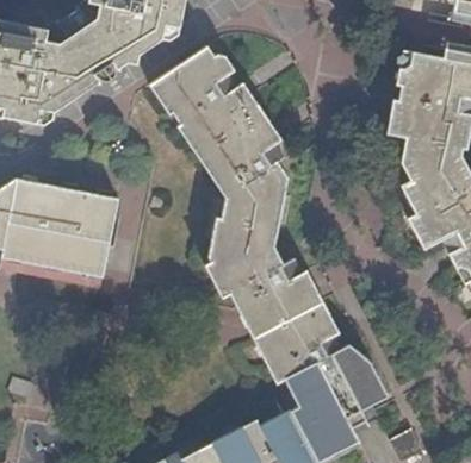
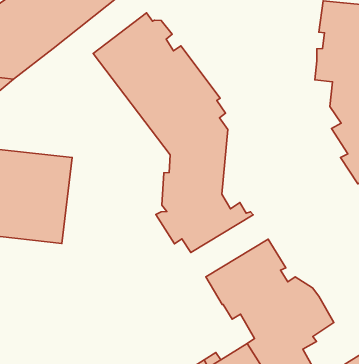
building: [237,273,322,336] -> none

